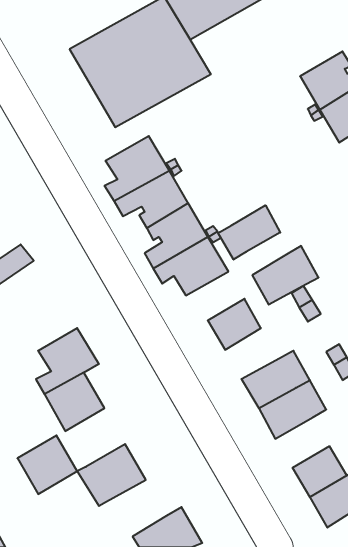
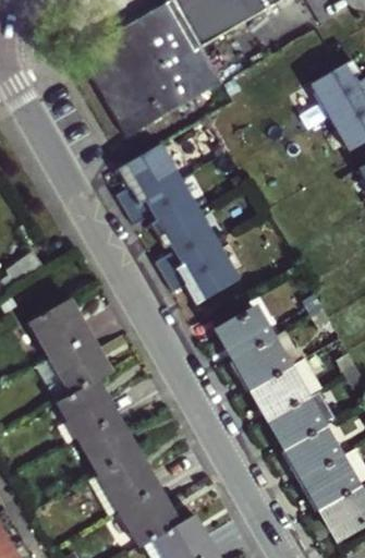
building: [218,205,280,260] -> none
building: [252,246,319,305] -> [236,328,303,387]
building: none -> [28,300,88,359]
building: none -> [287,425,341,476]
building: [17,435,77,494] -> [76,416,136,475]
building: none -> [118,488,178,546]

